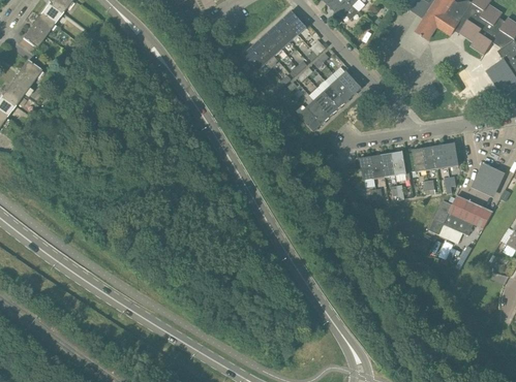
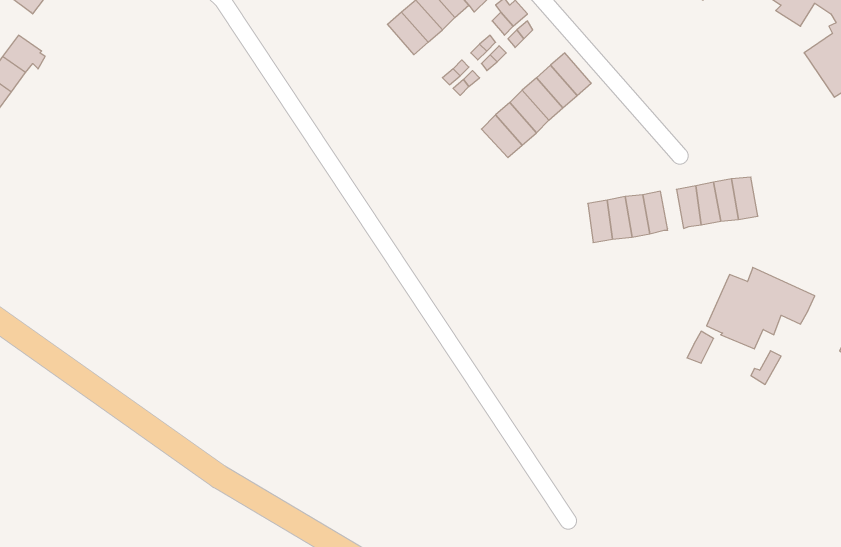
building: [467,163,500,197] -> none

